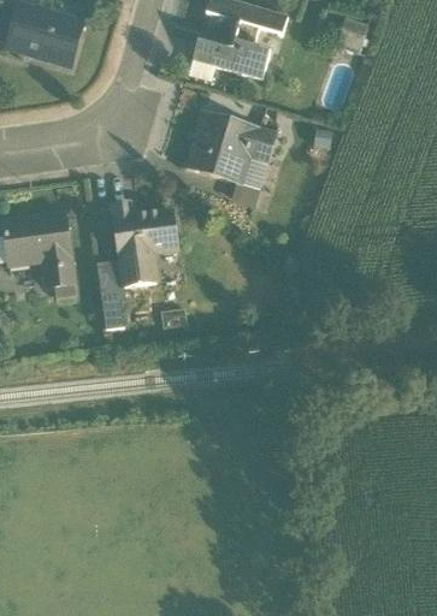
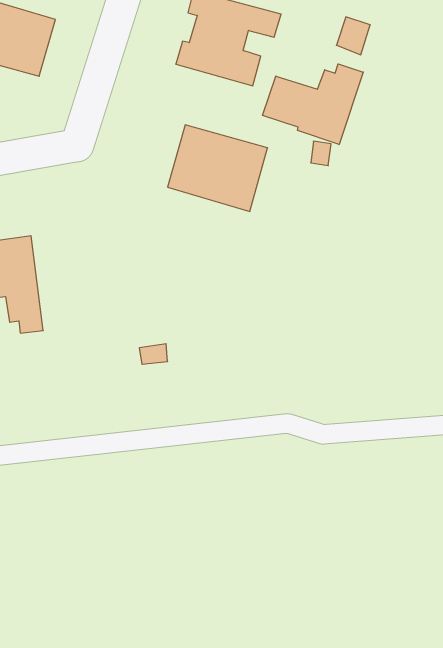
building: none -> [263,64,363,145]
building: [95,201,177,328] -> none

